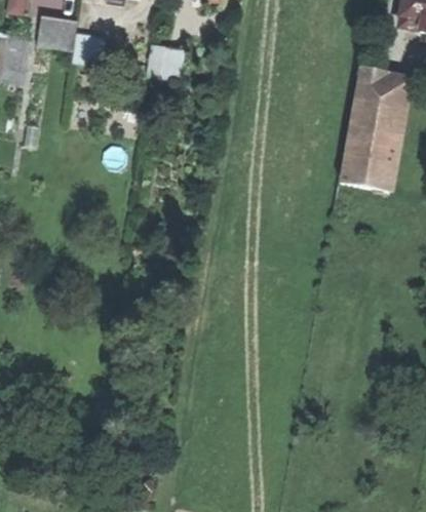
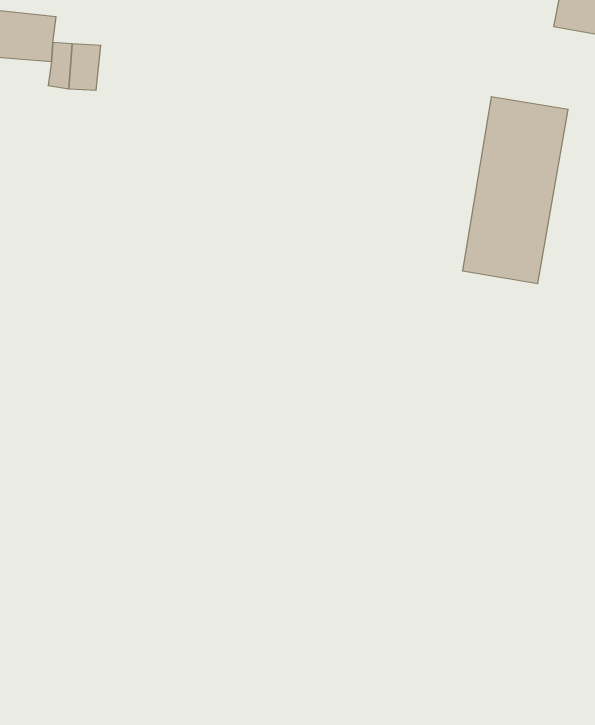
building: [147,44,184,79] -> none

